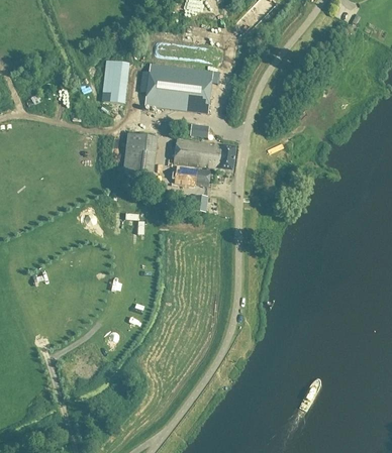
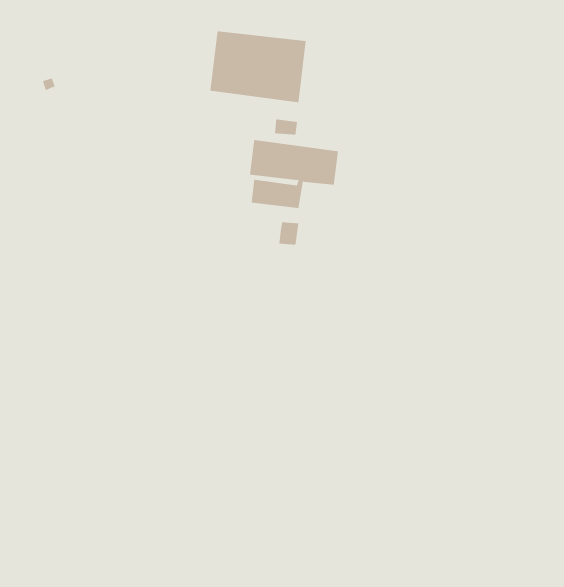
building: [102,61,127,102] -> none
building: [122,131,156,177] -> none

